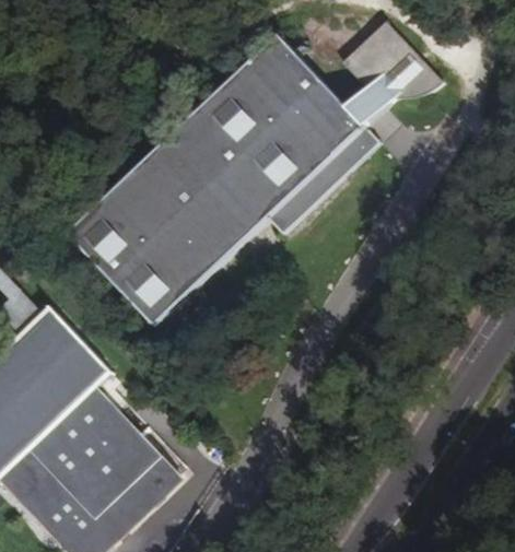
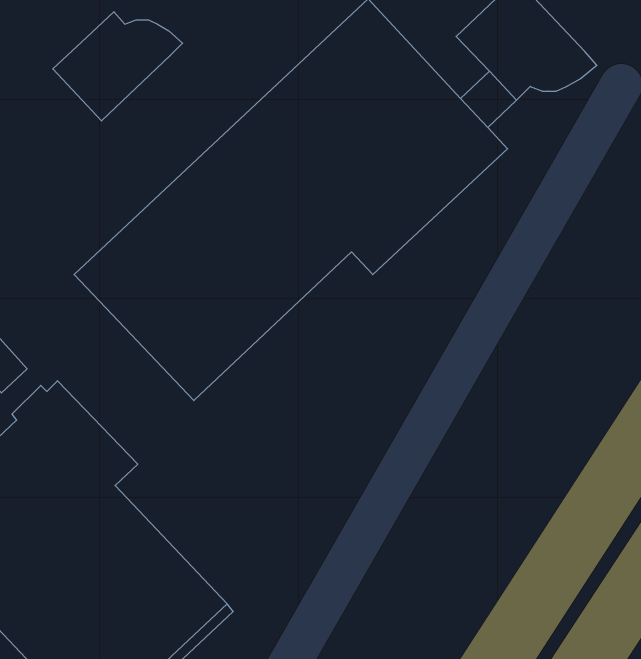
building: none -> [53,12,183,121]

